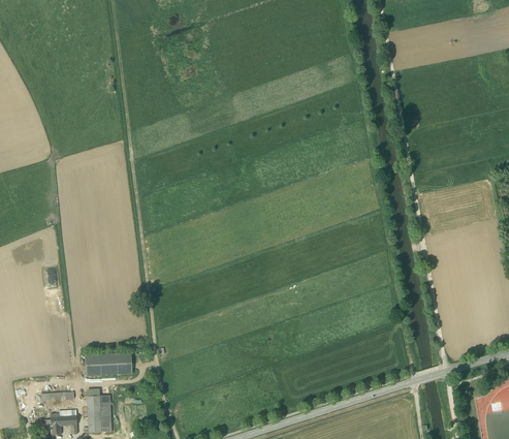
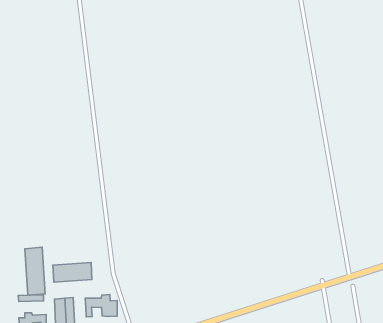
building: none -> [25,247,45,295]
building: none -> [85,295,117,317]

